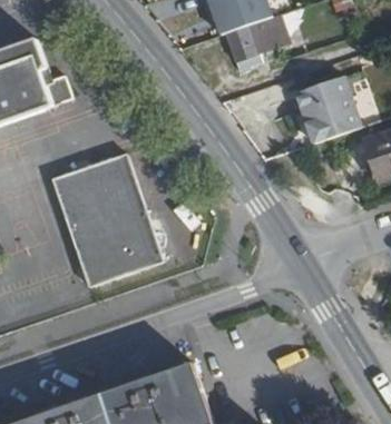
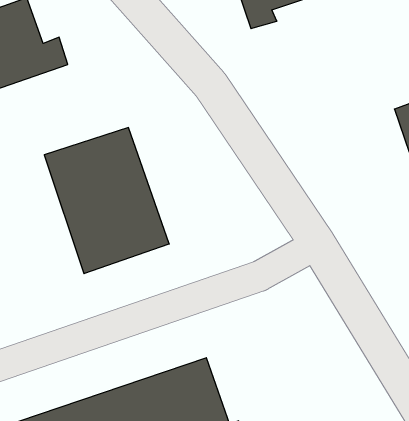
building: [301,75,364,140] -> none

